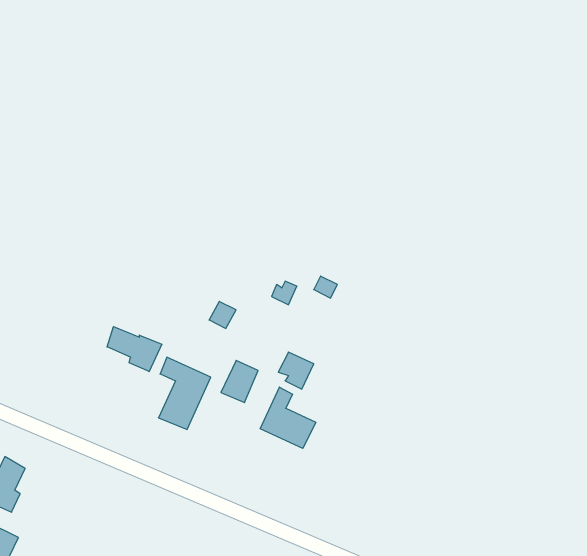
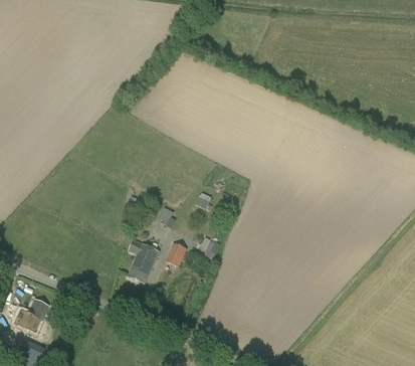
building: [107,327,162,372] -> none
building: [260,387,316,448] -> none

